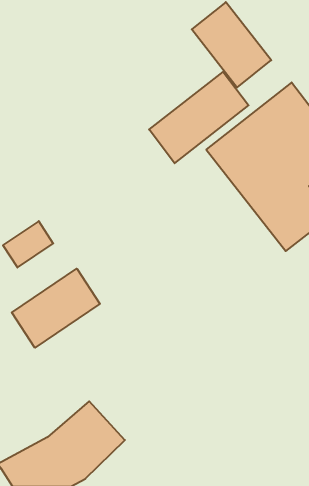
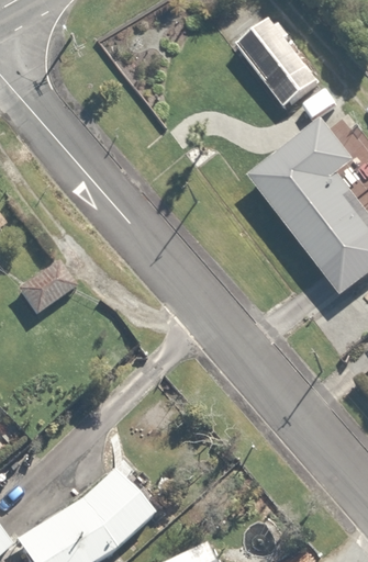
building: [149,72,249,163] -> none
building: [12,269,100,348] -> none

